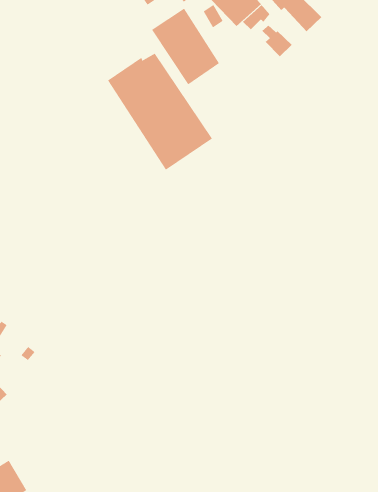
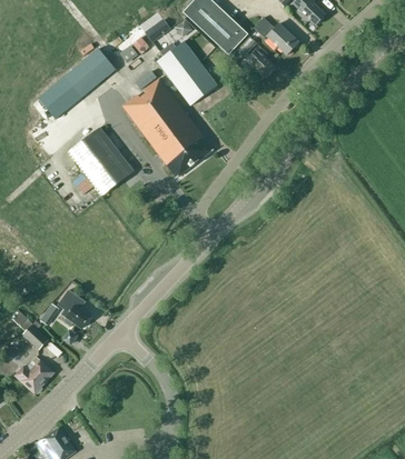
building: none -> [38,47,116,118]
building: none -> [67,127,134,196]
building: none -> [57,289,90,327]

